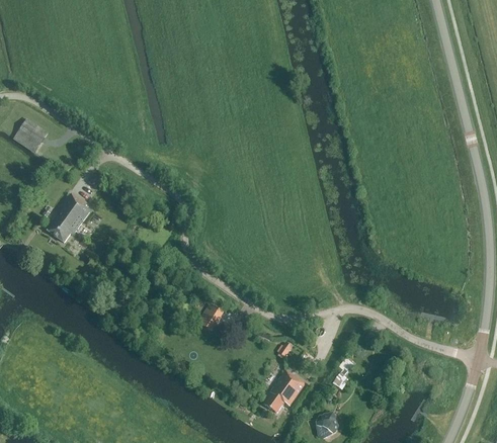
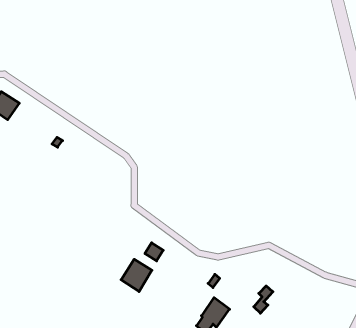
building: [47,193,89,243] -> none
building: none -> [121,259,152,292]

